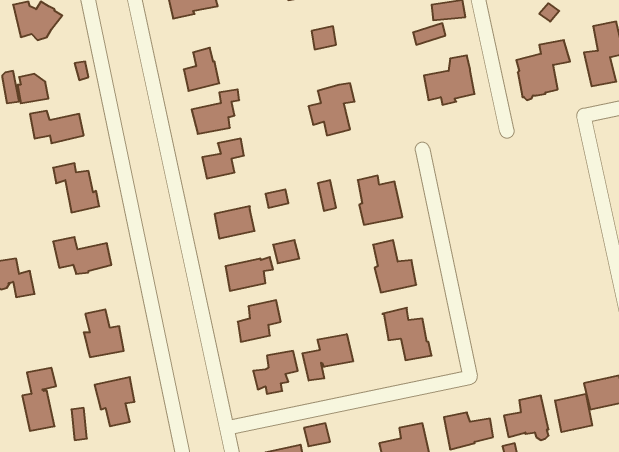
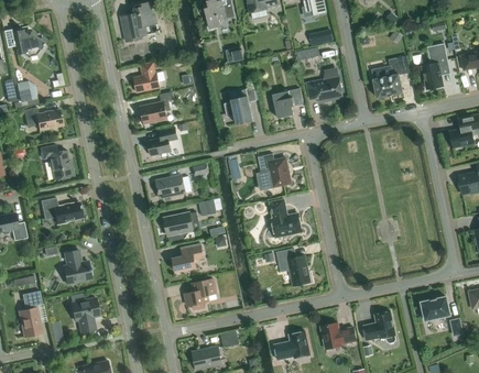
building: none -> [271,88,303,118]
building: [302,334,353,381] -> none
building: [555,394,592,432] -> none

